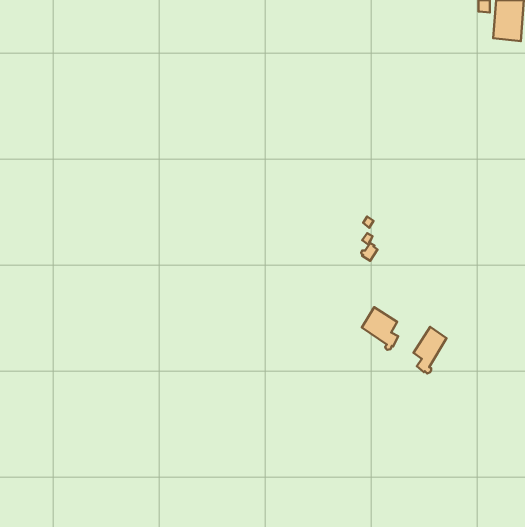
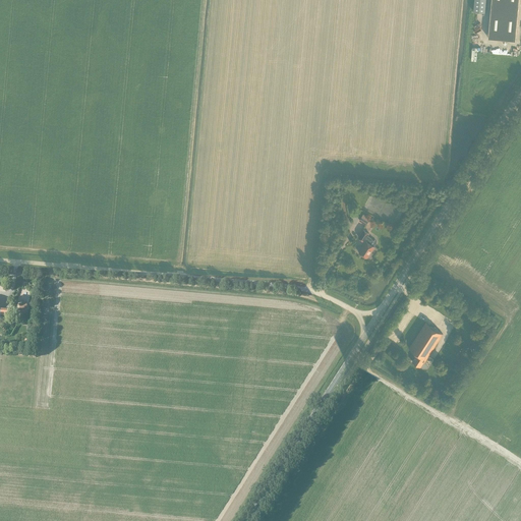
building: [362,307,398,350] -> none

